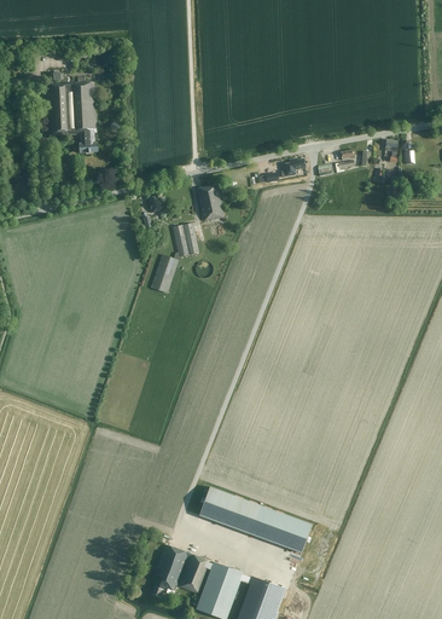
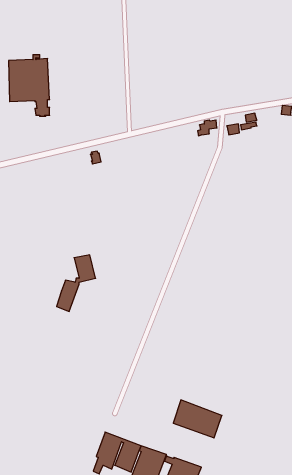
building: [196,184,225,221] -> none
building: [151,224,199,294] -> [57,255,96,311]
building: [199,487,261,534] -> none

